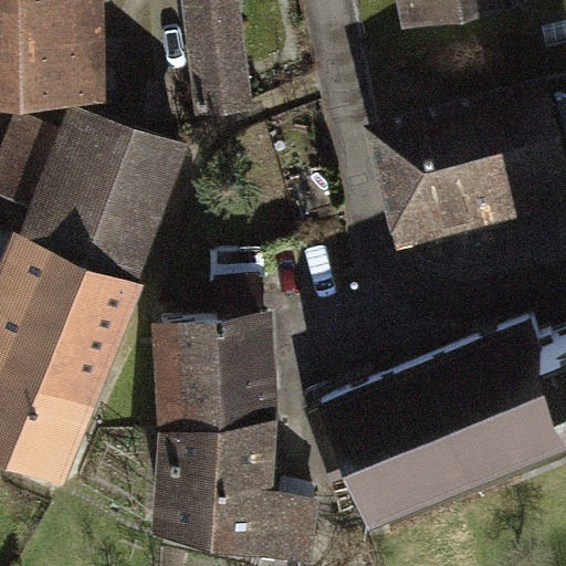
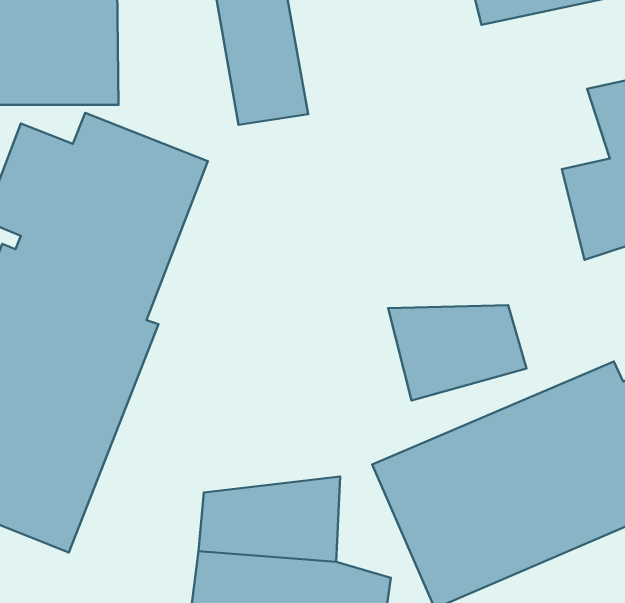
building: [371,95,505,263] -> none
building: none -> [388,305,527,401]
building: [160,279,282,429] -> none

